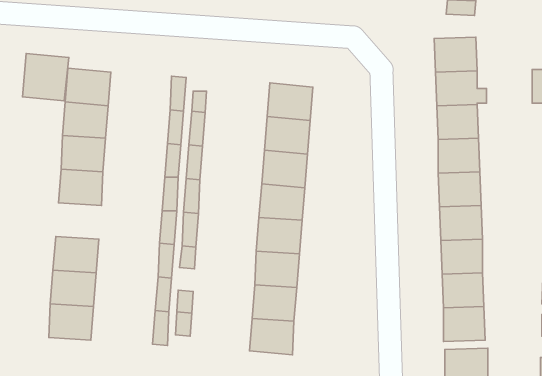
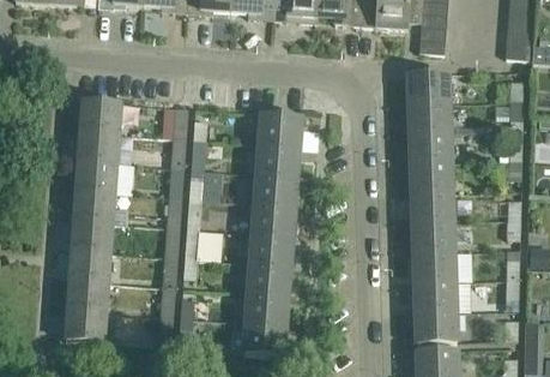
building: [23,54,69,101] -> none
building: none -> [72,220,113,252]

